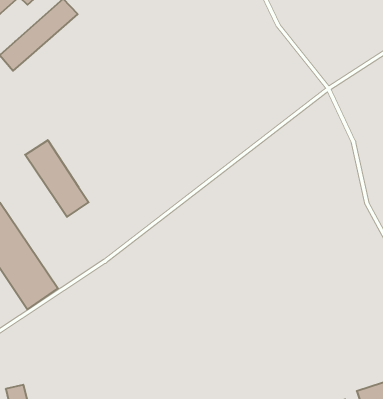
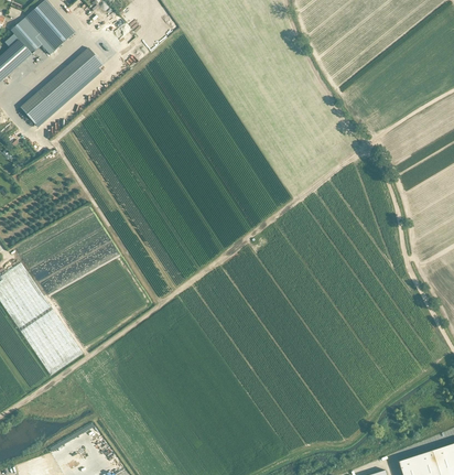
building: [25,140,89,217] -> none

